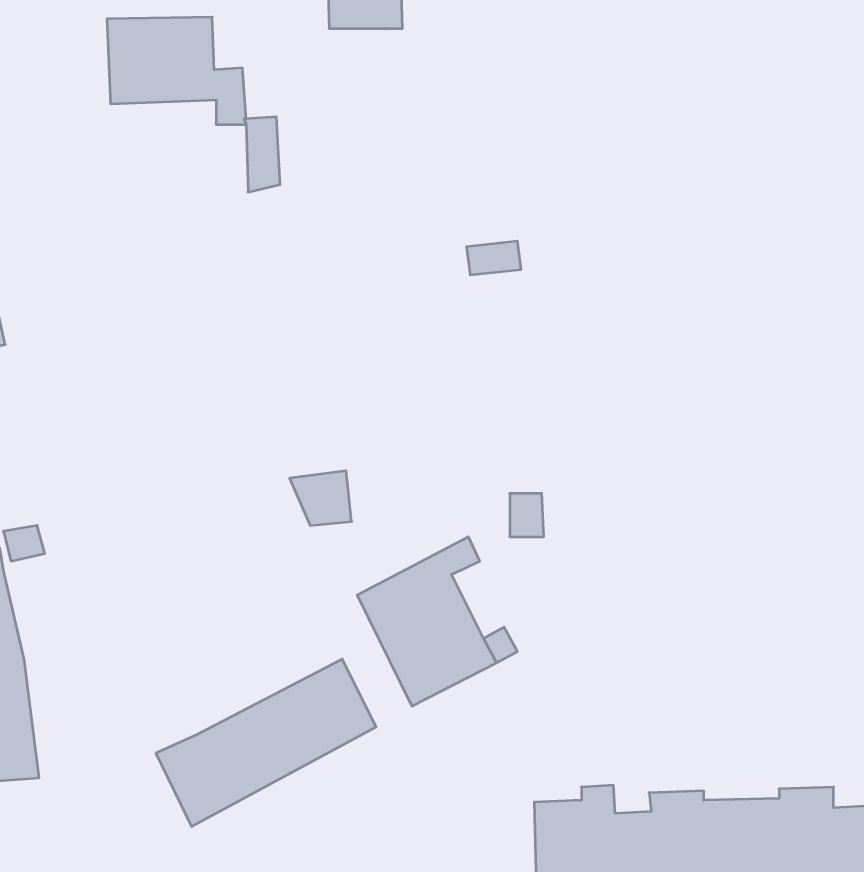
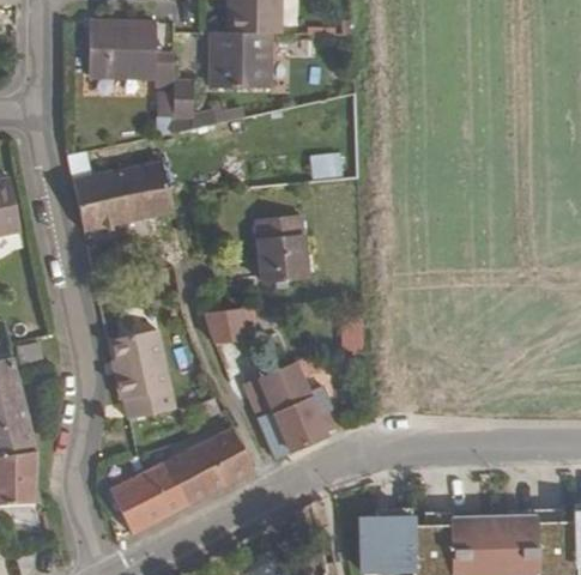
building: none -> [206,26,262,89]
building: none -> [77,165,170,234]
building: none -> [254,214,304,282]
building: none -> [116,329,181,419]

